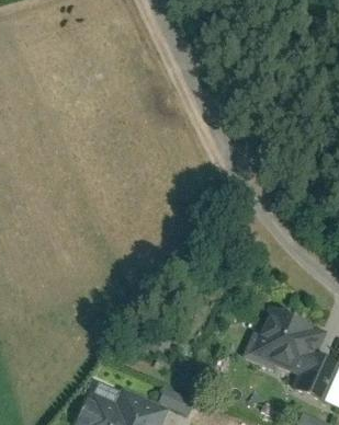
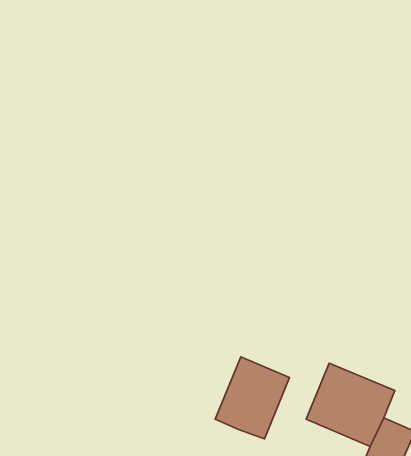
building: none -> [215,357,290,439]

